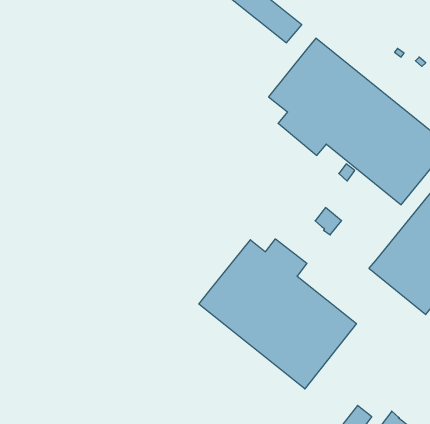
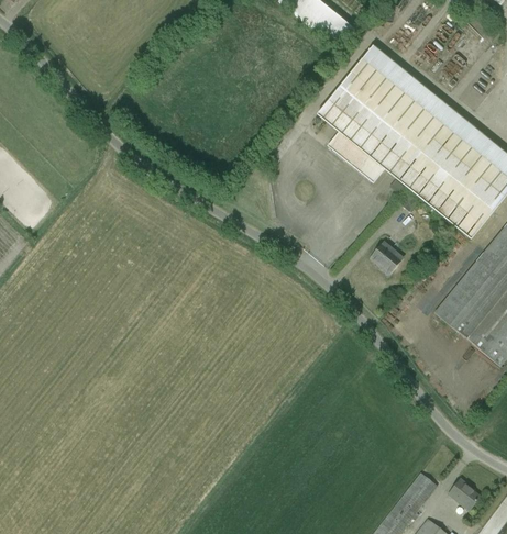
building: [199,239,356,389] -> none

